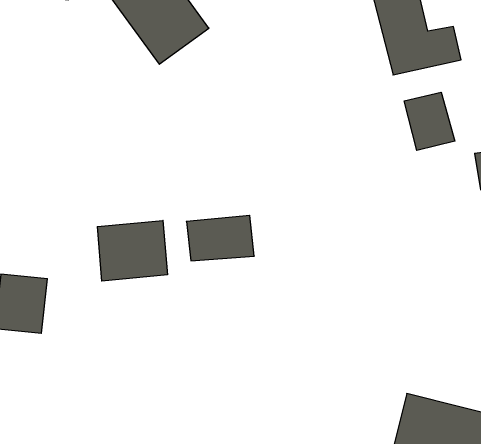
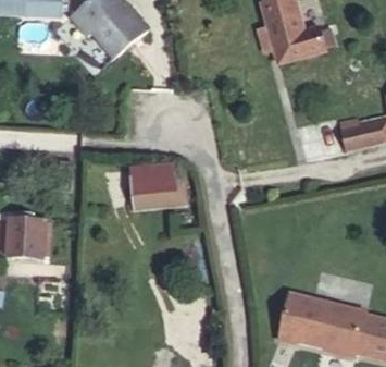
building: [404,92,455,150] -> none
building: [97,220,167,281] -> none

